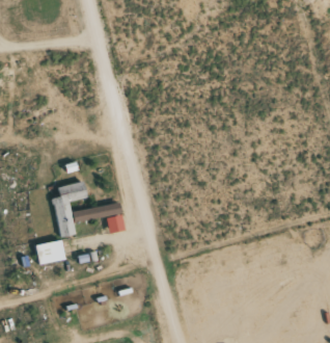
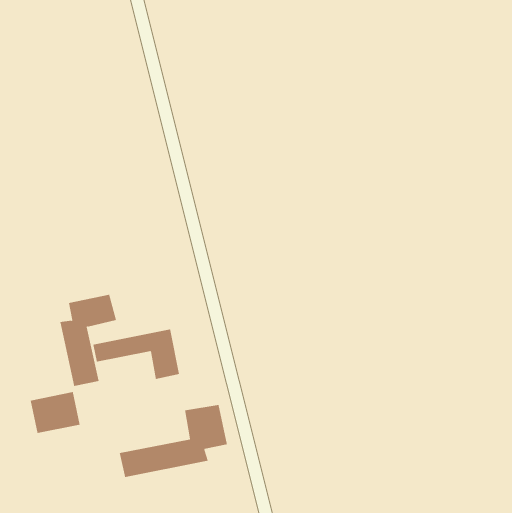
building: none -> [119,404,227,478]

